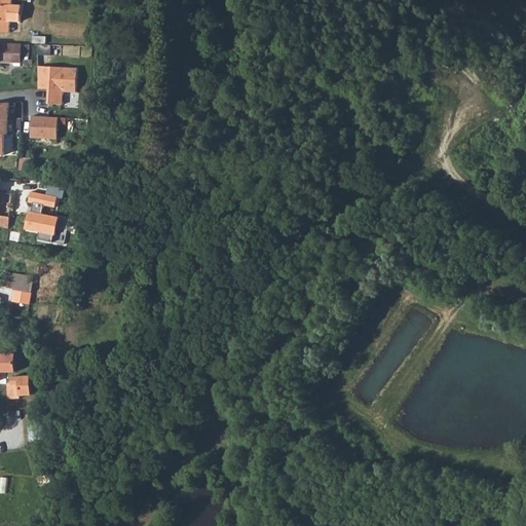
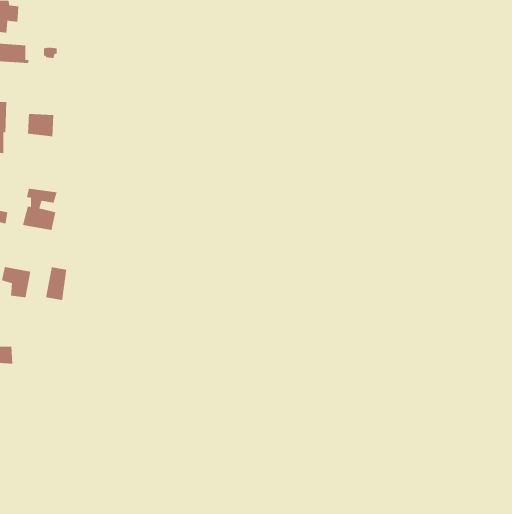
building: [36,66,74,103] -> none
building: none -> [46,266,67,301]
building: [4,378,26,397] -> none

